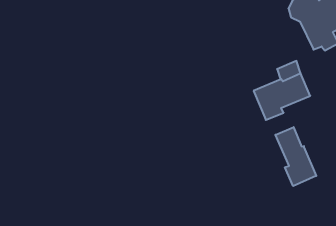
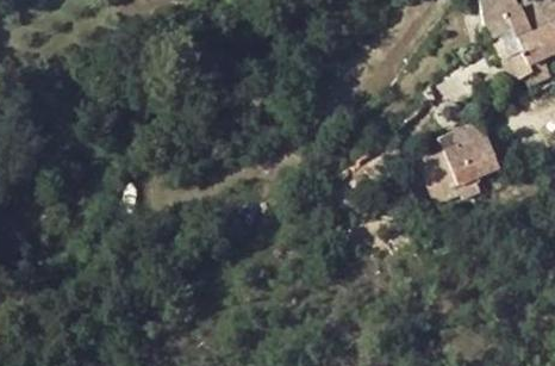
building: [275,127,316,186] -> none

